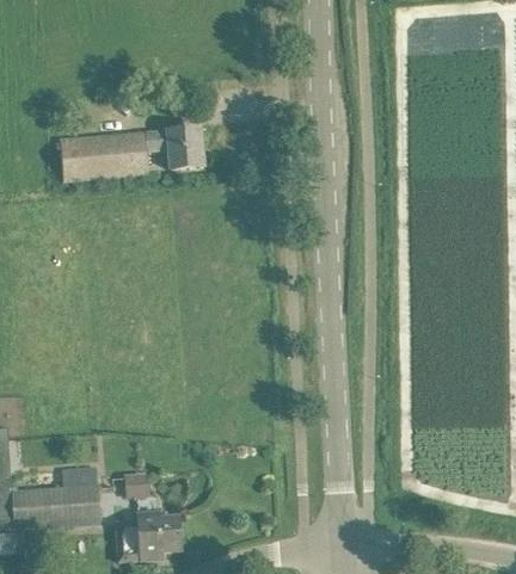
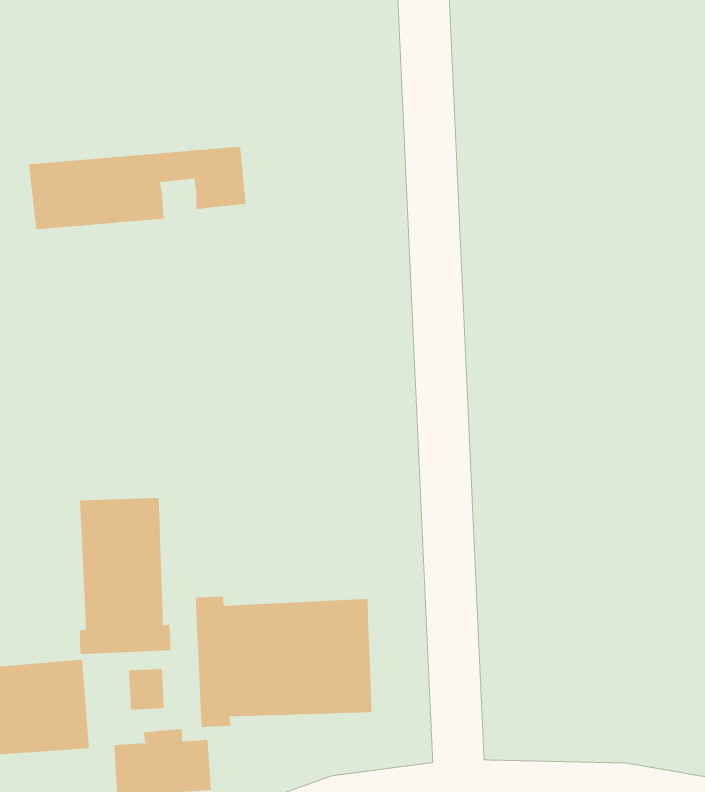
building: none -> [79,497,171,655]
building: none -> [195,596,372,728]

